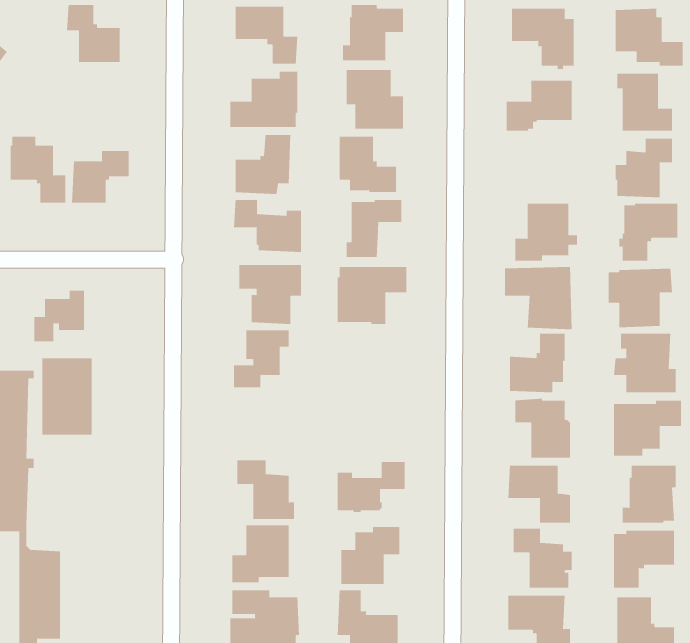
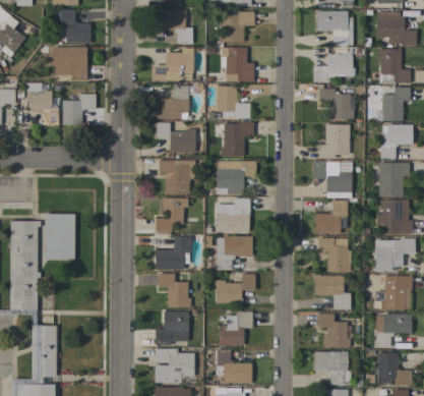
building: none -> [54,46,87,80]
building: none -> [319,88,354,119]
building: [34,290,84,342] -> none
building: none -> [215,197,250,232]
building: none -> [156,236,191,270]
building: none -> [217,236,252,270]

